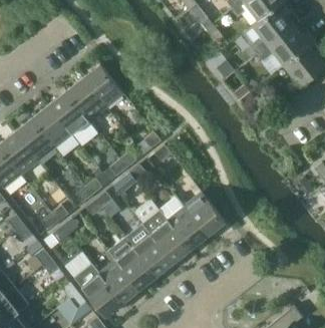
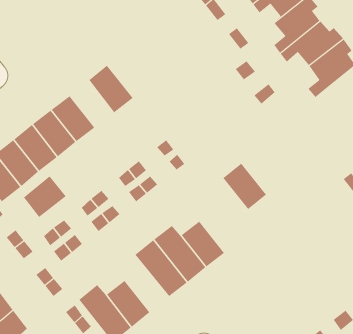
building: [65,78,105,121] -> none
building: none -> [23,176,67,218]
building: [184,193,224,236] -> [223,163,267,210]
building: [107,238,155,290] -> none

